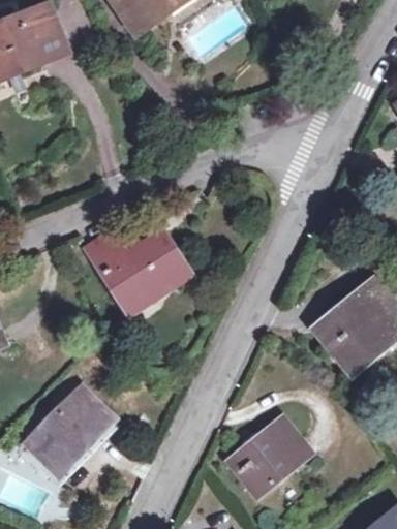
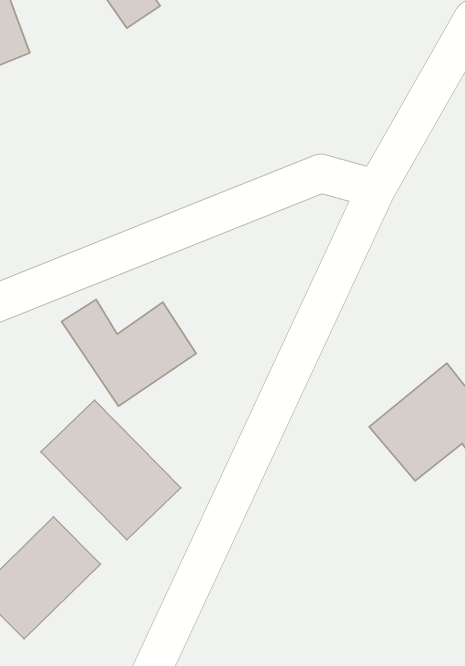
building: none -> [41,400,181,540]
building: [228,417,313,497] -> none

